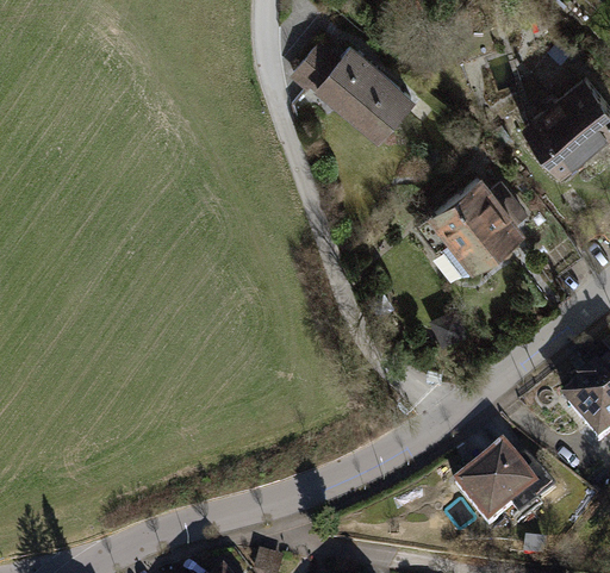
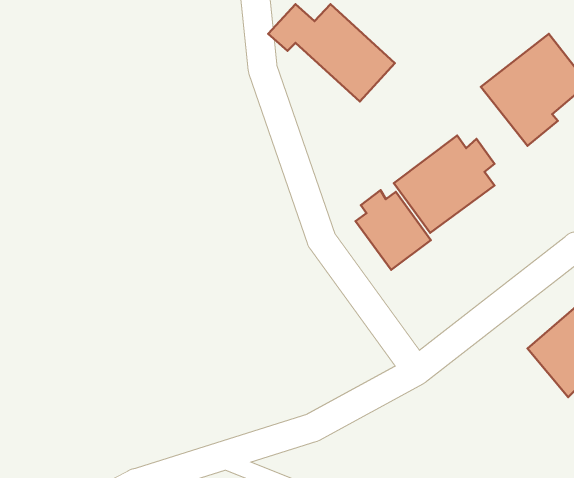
building: none -> [355,190,431,270]
building: [454,449,555,531] -> none

